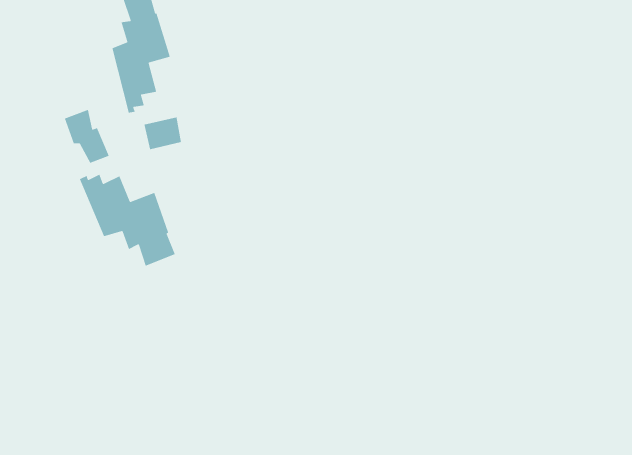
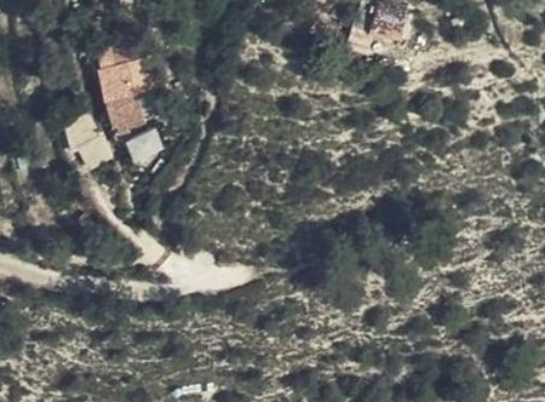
building: [79,173,176,267] -> none

